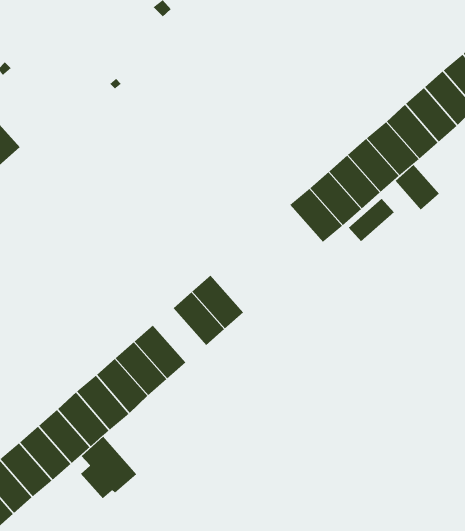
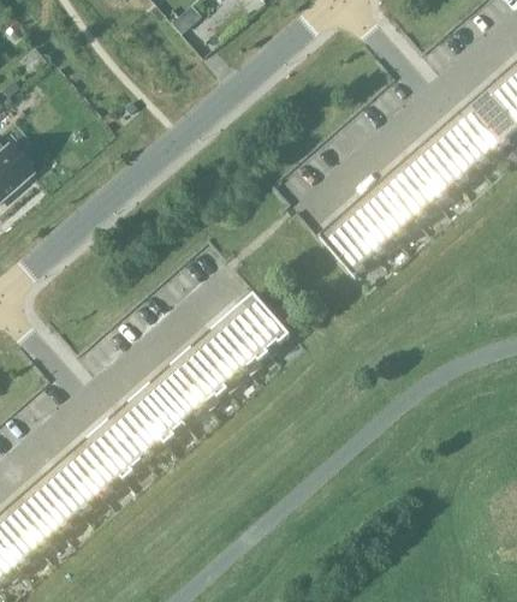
building: [395,164,440,211] -> none
building: [348,198,395,242] -> none
building: none -> [234,292,291,351]
building: none -> [172,346,230,405]
building: [80,436,137,499] -> none

